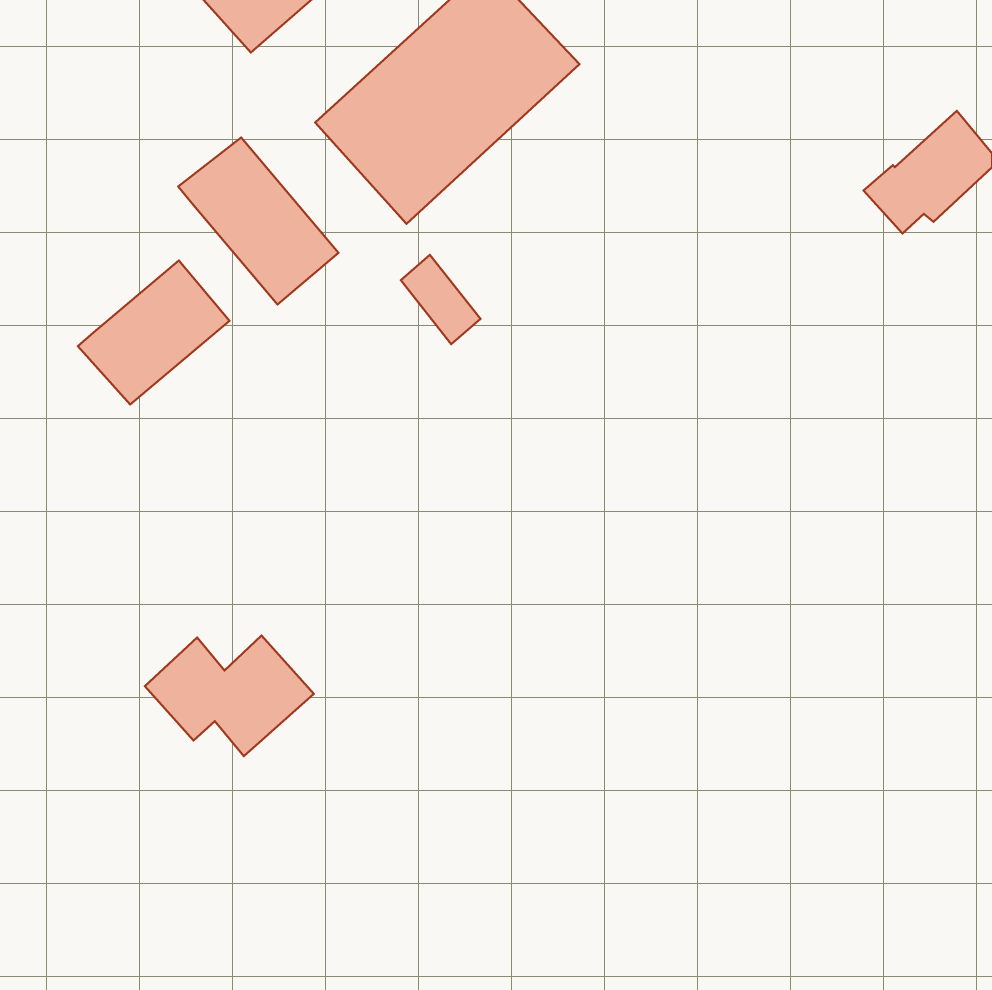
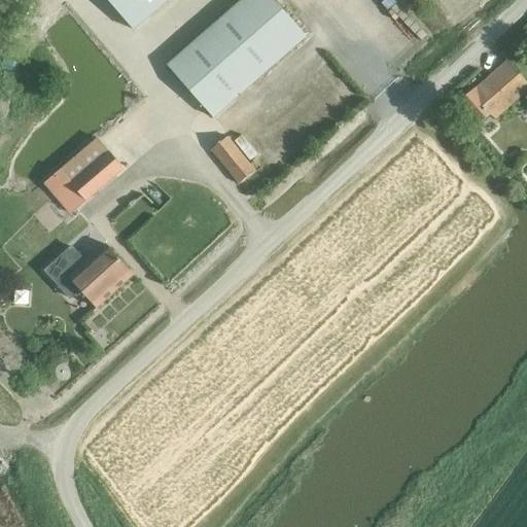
building: [178,137,338,305] -> none
building: [145,636,314,756] -> [43,243,133,307]

